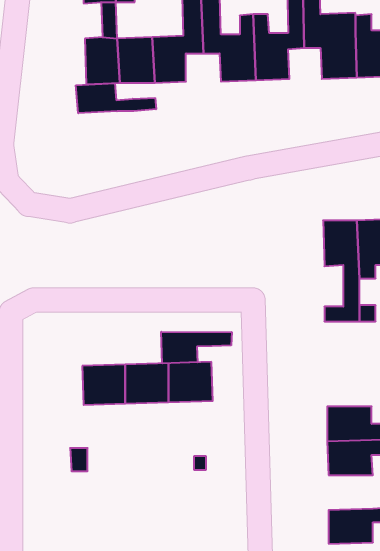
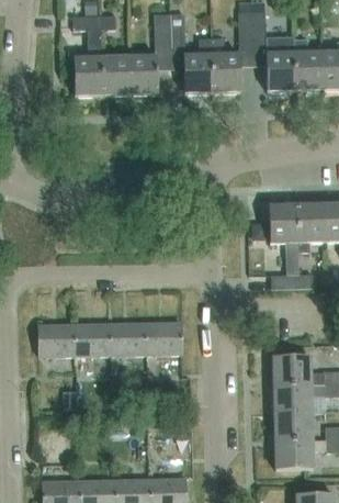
building: [76,83,156,113] -> none
building: [161,332,232,363] -> none
building: none -> [37,324,75,357]
building: none -> [274,413,310,441]

